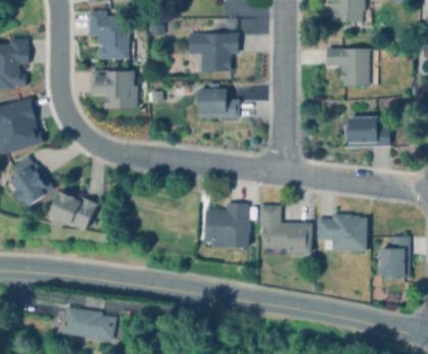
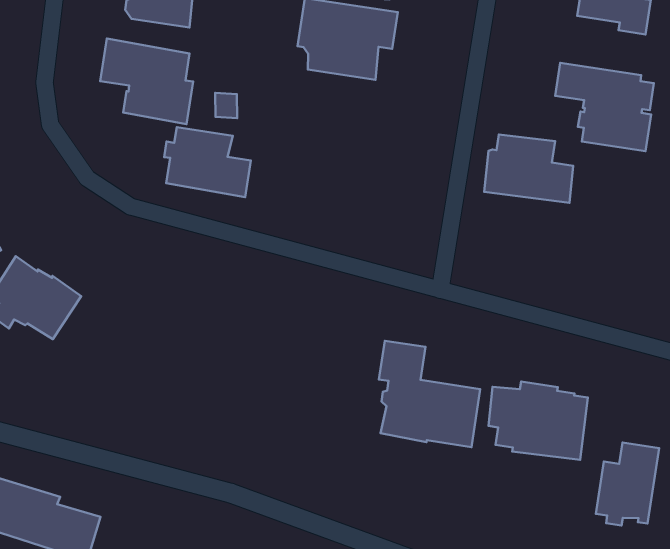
building: [195,88,240,118] -> [164,127,251,197]
building: [345,115,391,147] -> [484,135,573,203]
building: [205,205,251,253] -> none

